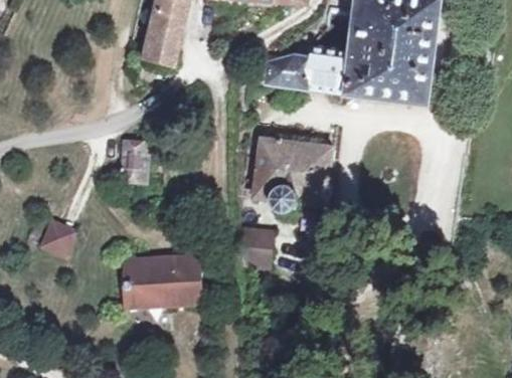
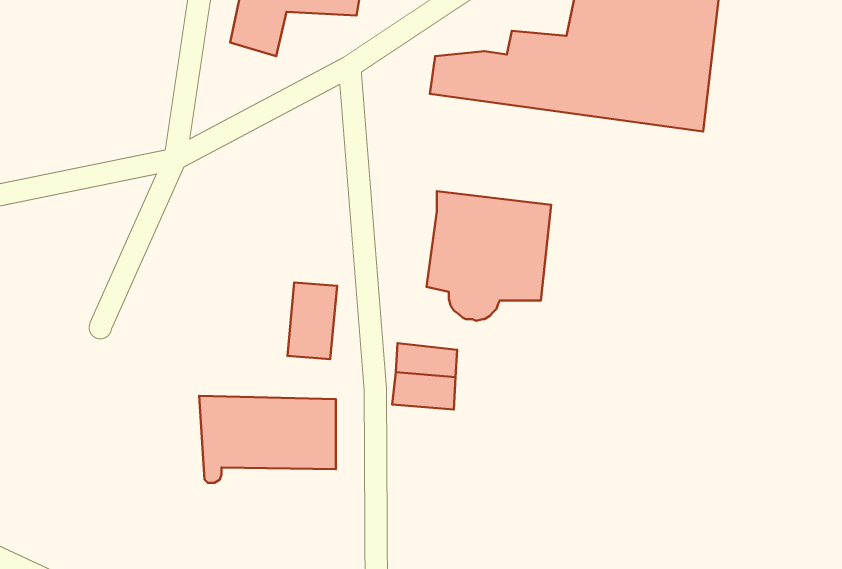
building: [121,140,150,185] -> [287,282,337,359]
building: [37,219,75,255] -> none

